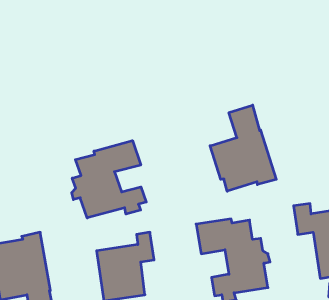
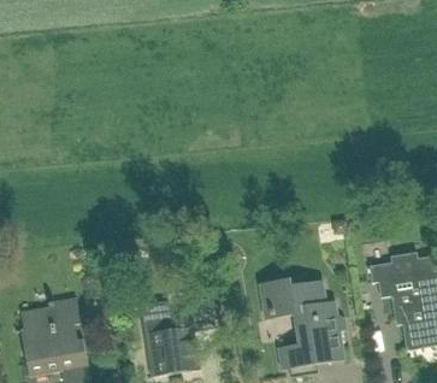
building: [210,105,276,191] -> none
building: [72,141,146,218] -> none

